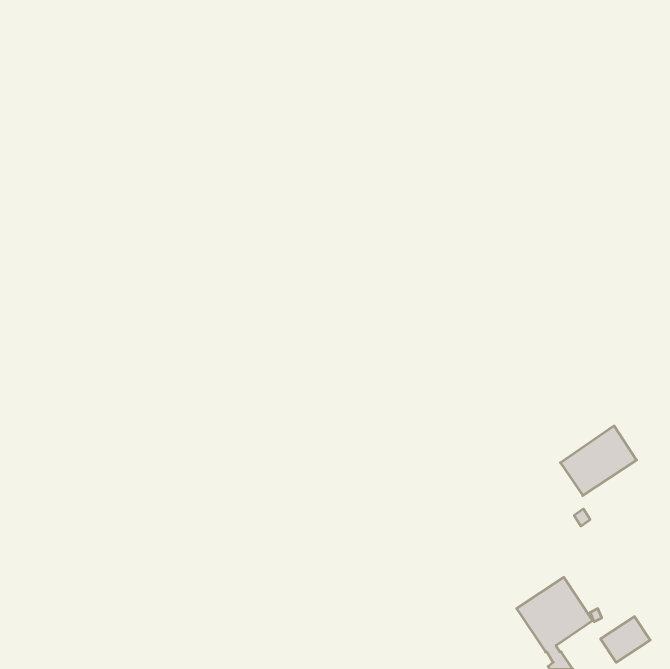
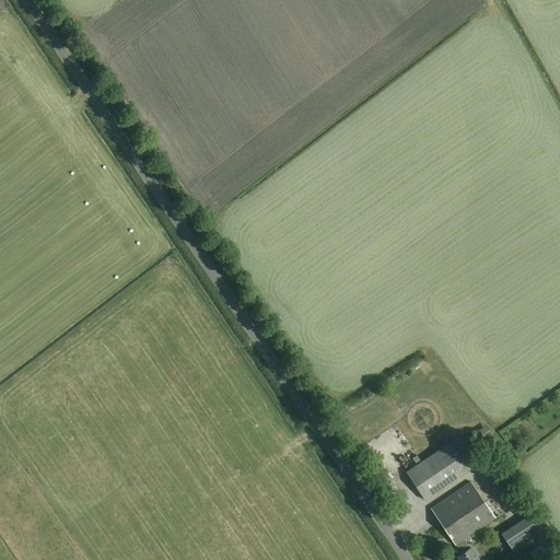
building: [560,426,637,496] -> [406,441,469,499]

